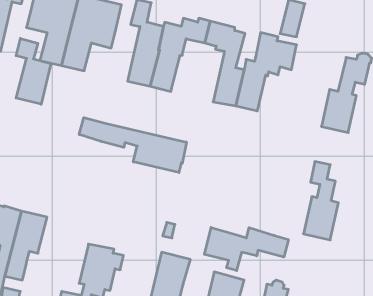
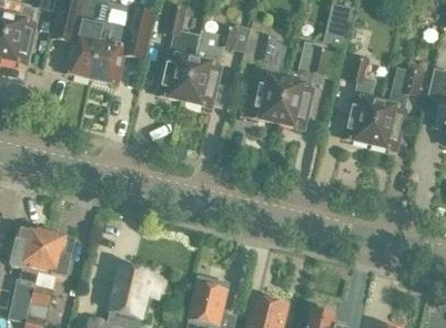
building: [16,38,51,104] -> none
building: [79,118,186,173] -> none
building: [303,162,338,240] -> [341,58,378,142]
building: [204,227,288,271] -> none

